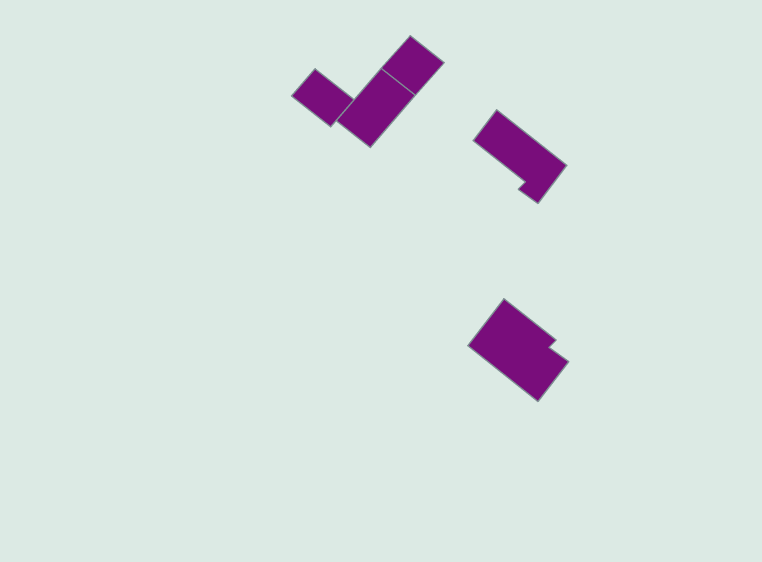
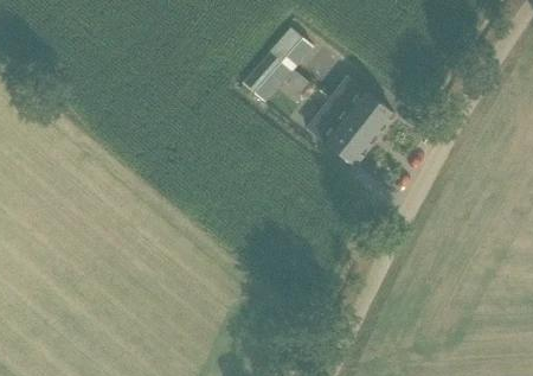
building: [292,69,354,127] -> none
building: [468,299,569,401] -> [308,97,374,165]

